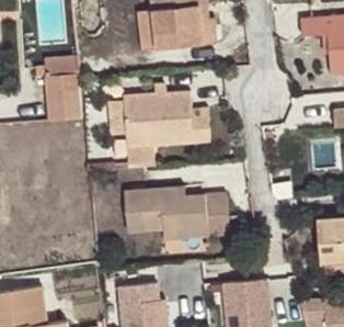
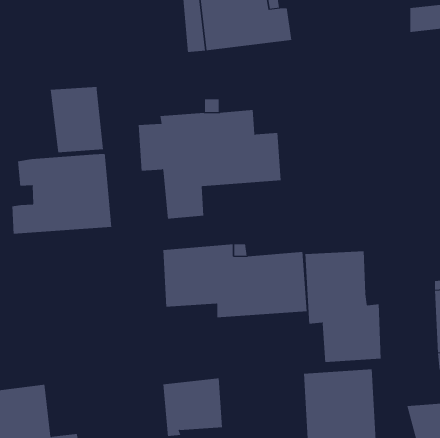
building: none -> [12,153,112,234]
building: none -> [305,250,381,363]

